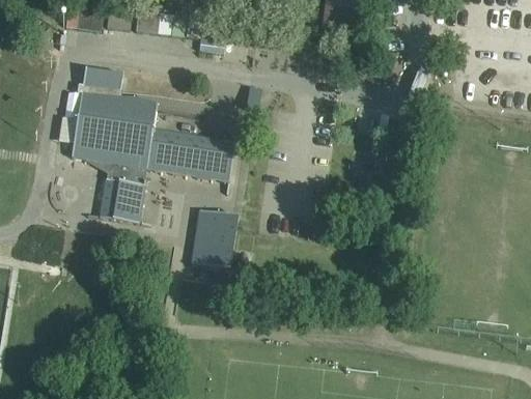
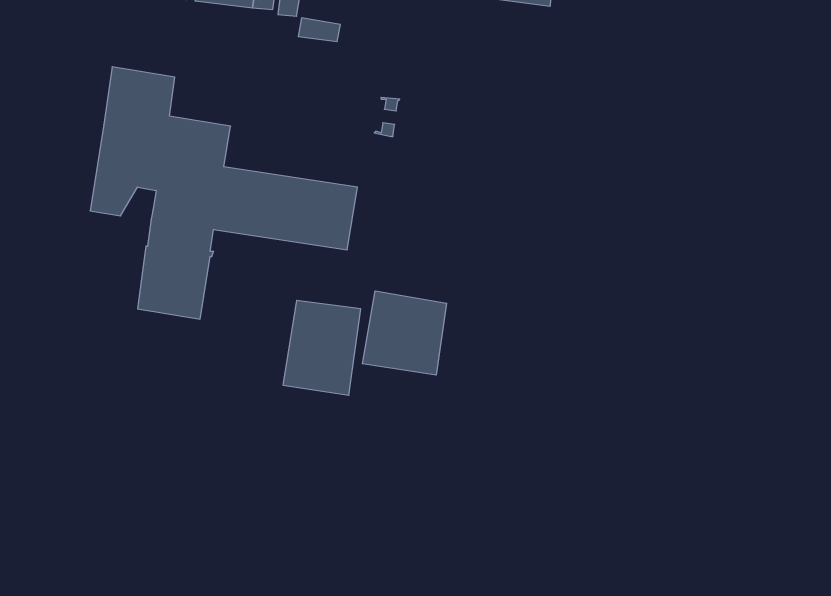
building: none -> [362,291,447,375]

